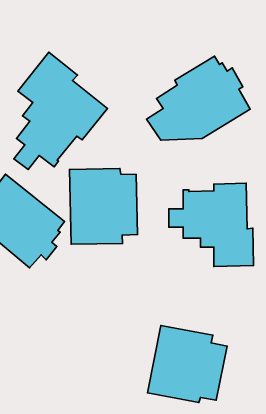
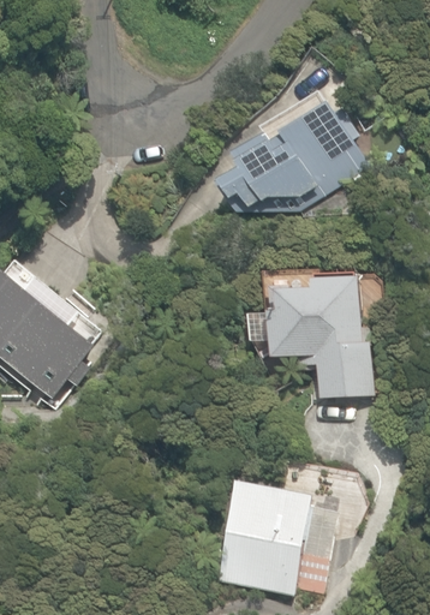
building: [14,52,108,170] -> none
building: [69,169,138,244] -> none

